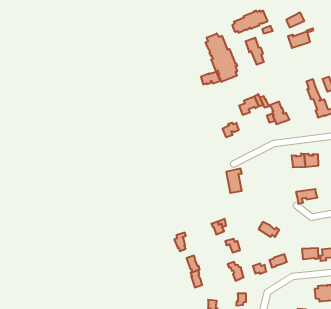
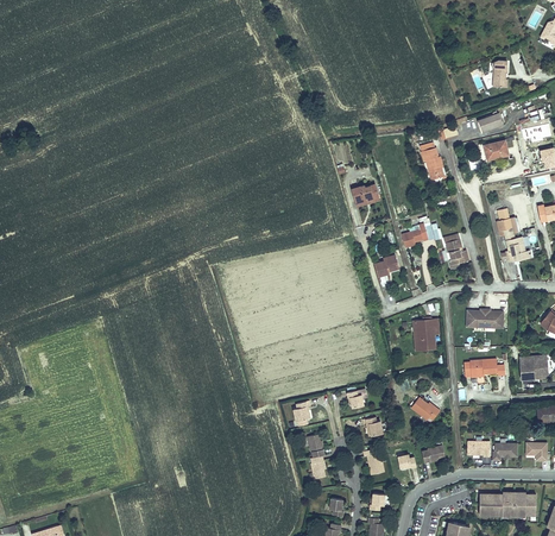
building: [232,10,267,33] -> none
building: [206,33,237,82] -> none
building: [226,169,242,193] -> [417,319,439,351]

